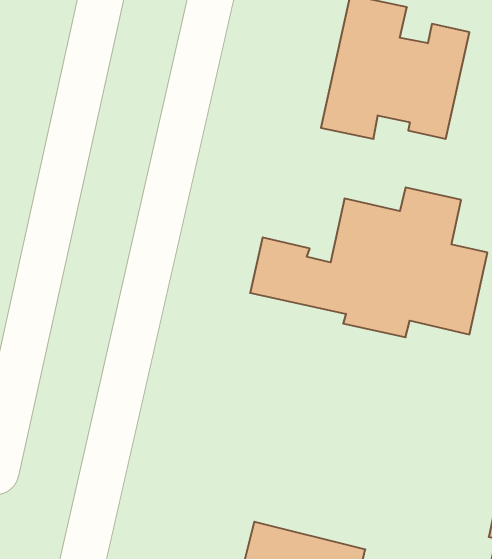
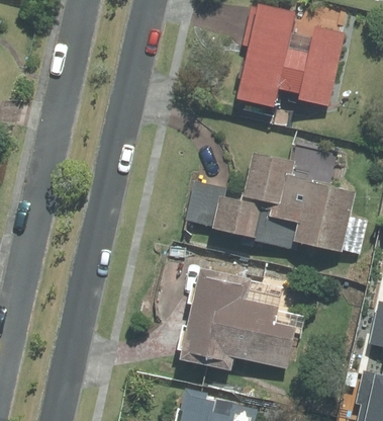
building: none -> [182,267,300,372]

